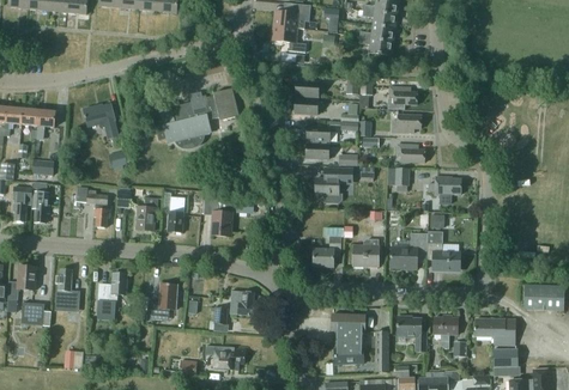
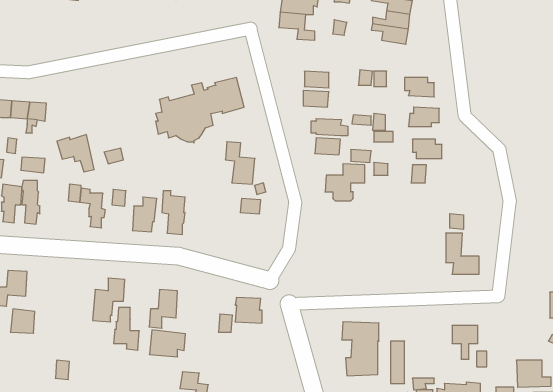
building: [83,103,117,138] -> [57,135,94,172]
building: [428,175,460,202] -> none
building: [204,196,231,236] -> [225,142,255,184]
building: [391,233,425,269] -> none
building: [311,236,339,266] -> none
building: [353,240,377,267] -> none
building: [55,269,79,309] -> [114,308,139,350]
building: [395,315,424,349] -> none
building: [474,317,515,346] -> none
building: [212,345,246,370] -> [149,330,185,357]

